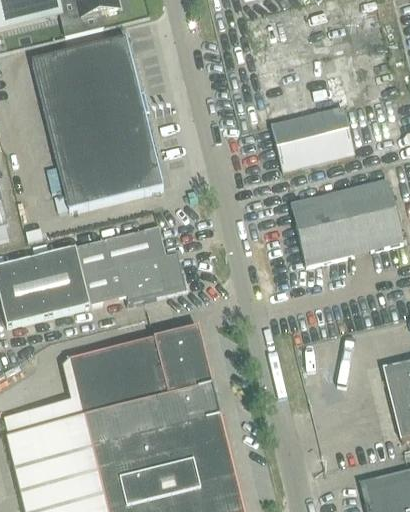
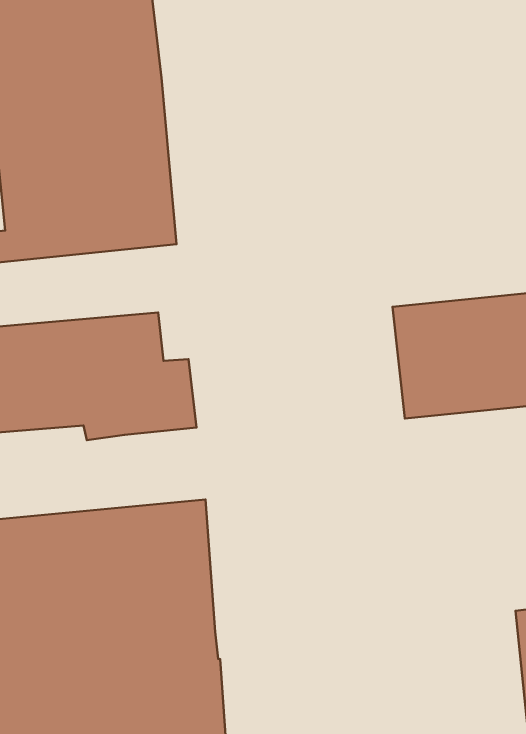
building: [272,107,354,171] -> none

